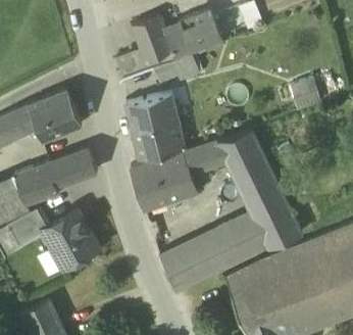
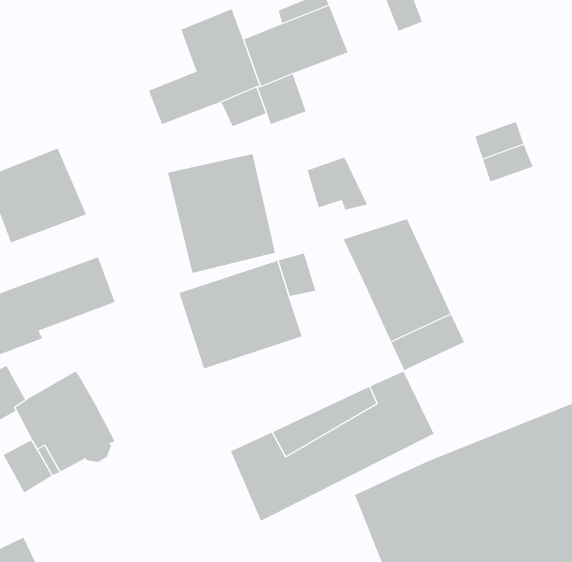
building: [198,141,231,170] -> [307,157,368,210]
building: [251,196,301,248] -> none

